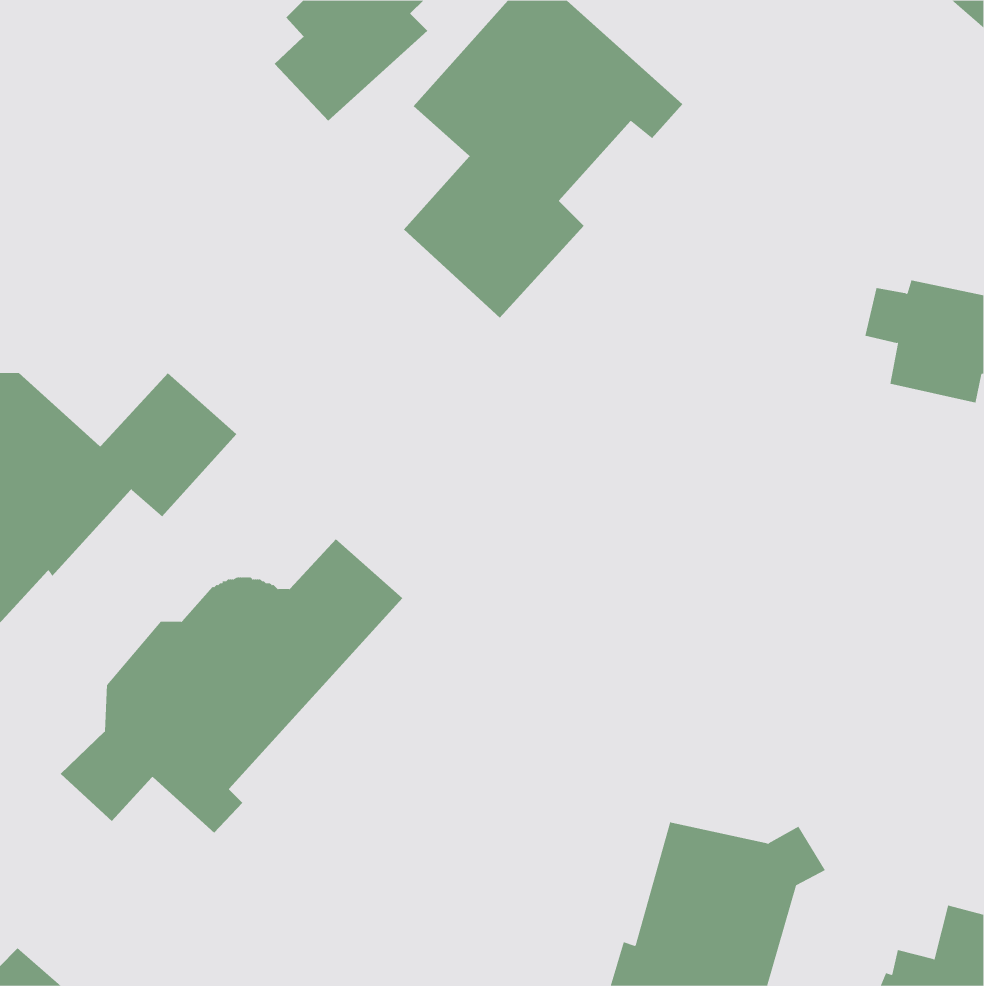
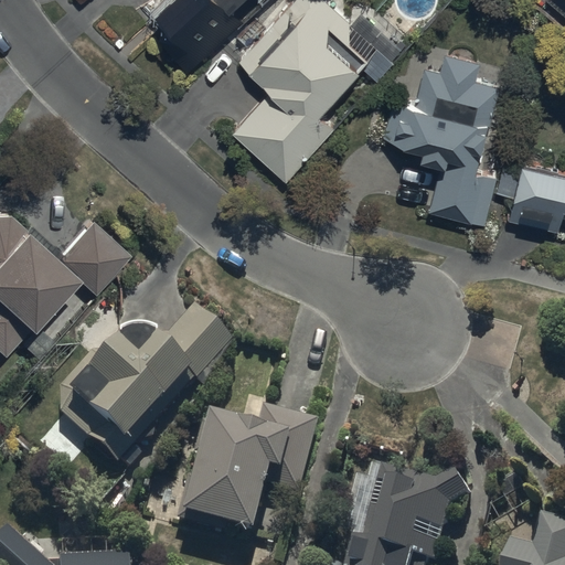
building: none -> [383,52,498,221]
building: none -> [177,411,317,544]

